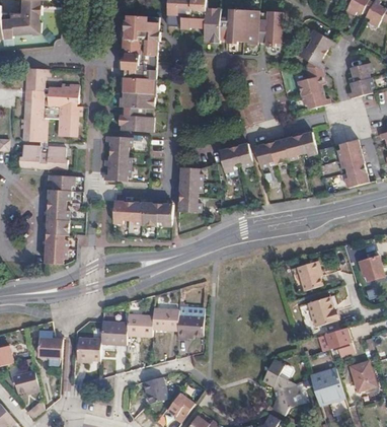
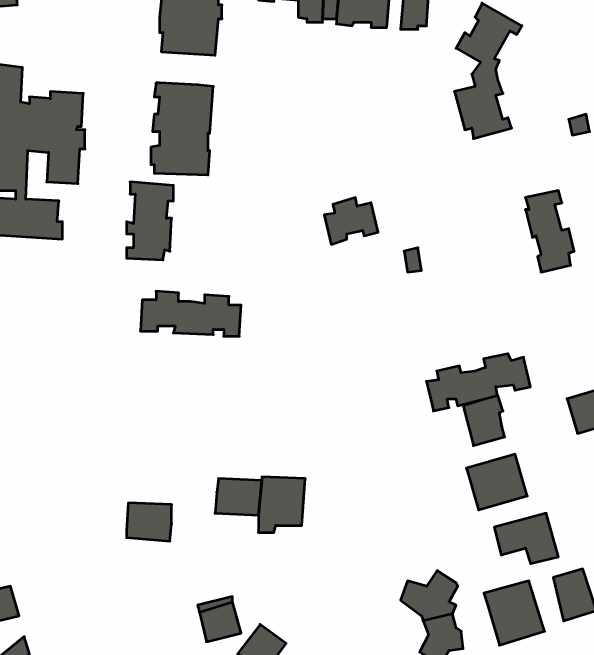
building: [123,58,155,77] -> none
building: [346,62,371,97] -> none
building: [254,133,315,166] -> [426,354,530,411]
building: [177,165,201,211] -> none
building: [43,172,73,262] -> none
building: [130,313,156,336] -> none
building: [36,336,62,356] -> none
building: [79,337,103,358] -> none

